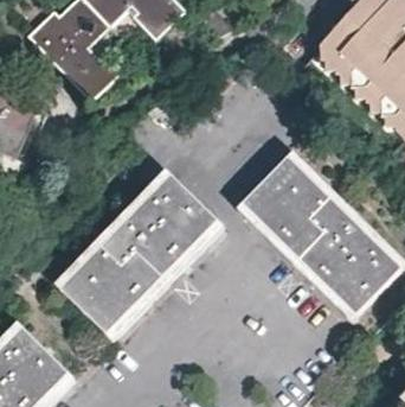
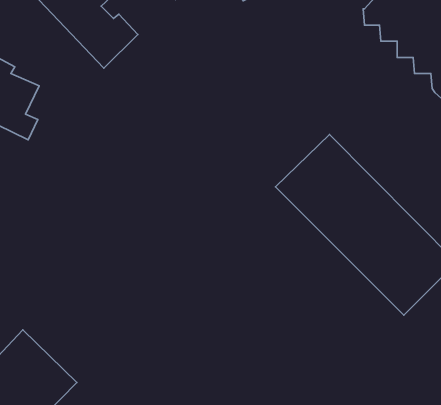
building: [58,176,218,336] -> none

